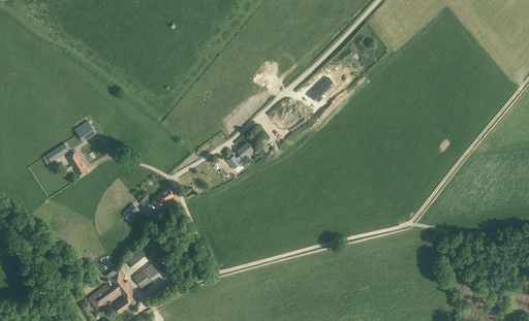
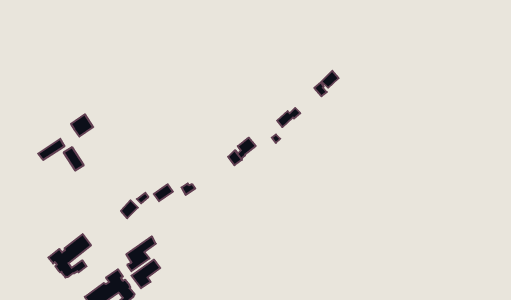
building: none -> [48,234,91,278]

